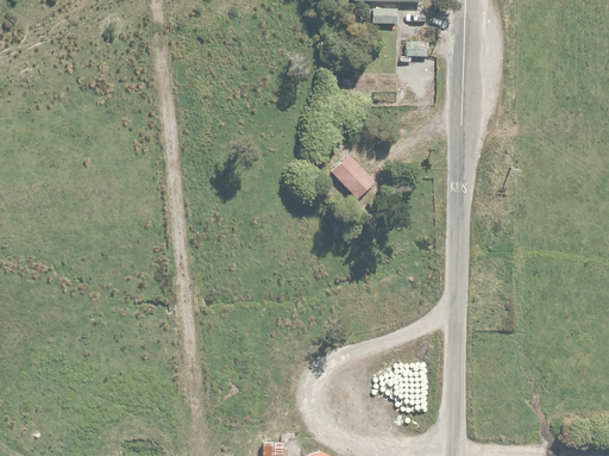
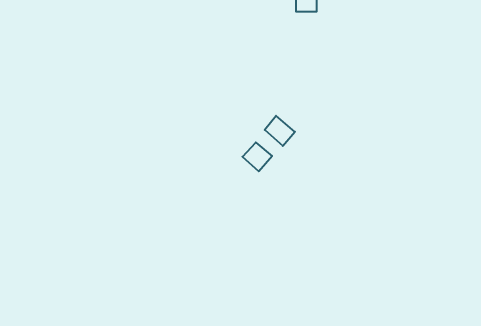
building: none -> [242,142,272,171]

